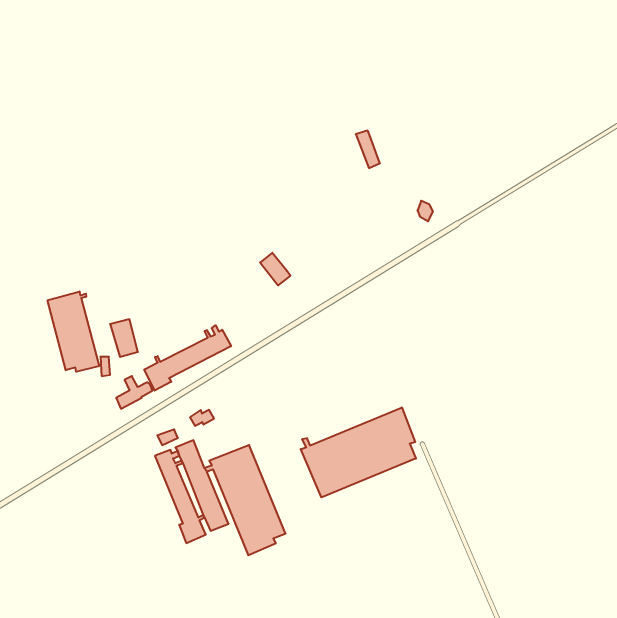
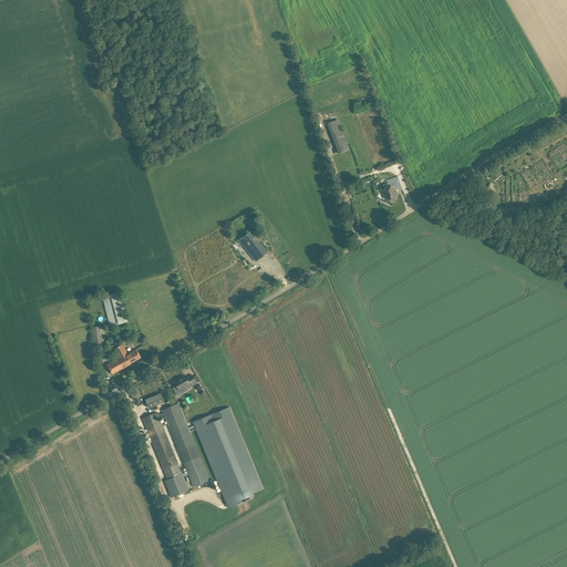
building: [48,291,99,372] -> none
building: [144,325,231,391] -> none
building: [301,407,416,497] -> none

